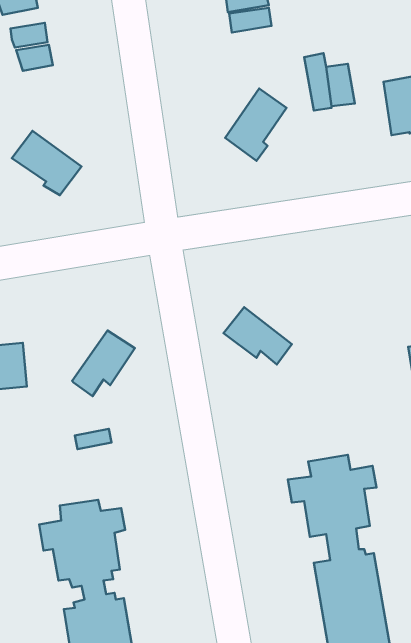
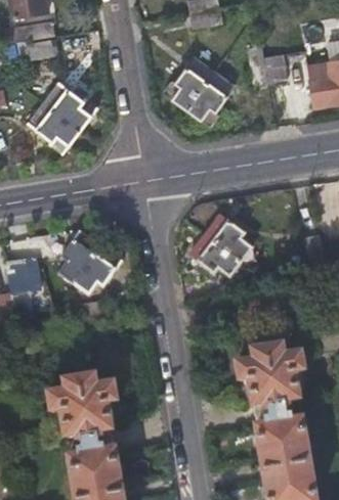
building: none -> [167,55,215,106]
building: none -> [45,80,97,128]
building: none -> [204,213,251,261]
building: none -> [60,236,101,288]

